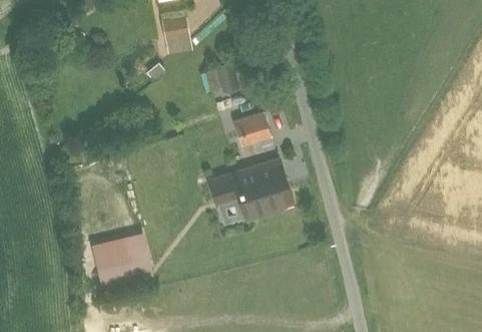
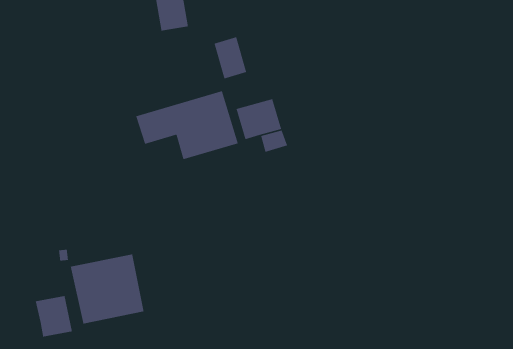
building: [205,157,295,218] -> [135,90,239,160]
building: none -> [35,295,73,338]

